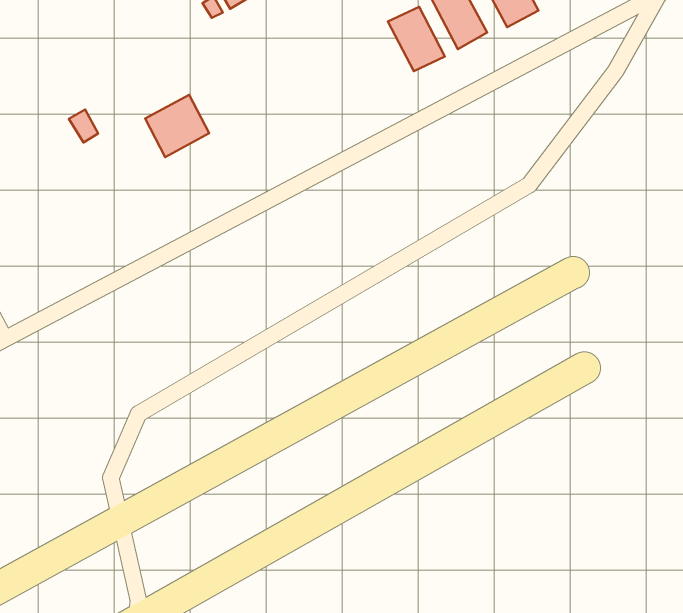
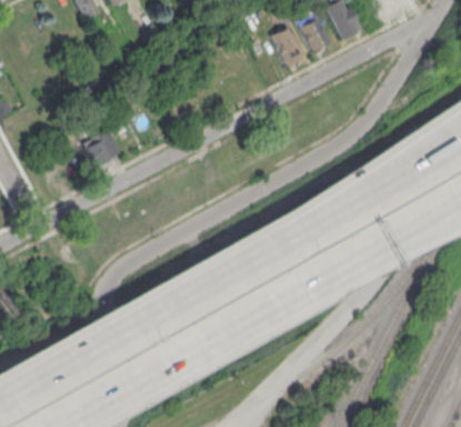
building: [145,95,209,157] -> [81,130,120,168]

